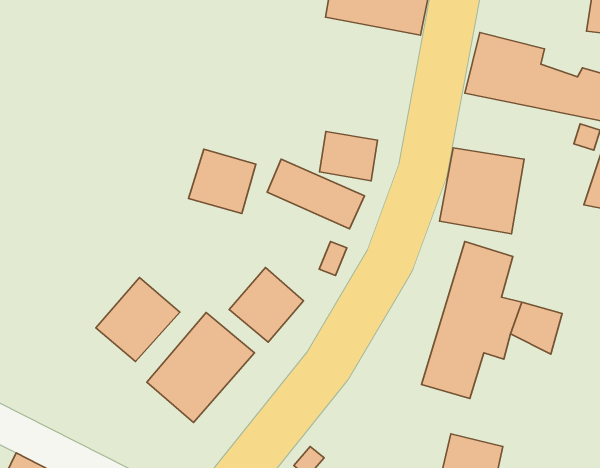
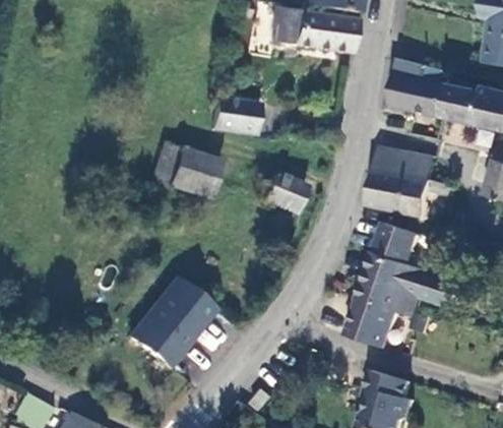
building: [319,131,378,181] -> [210,93,257,132]
building: [229,268,304,342] -> none
building: [96,278,180,361] -> none

